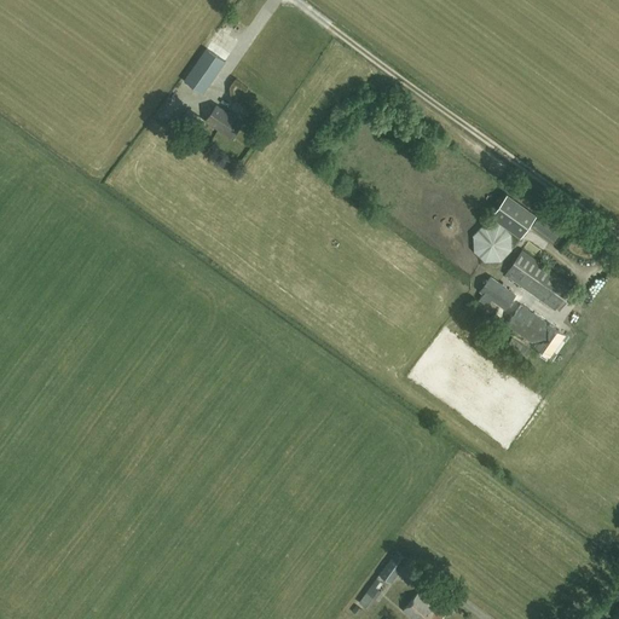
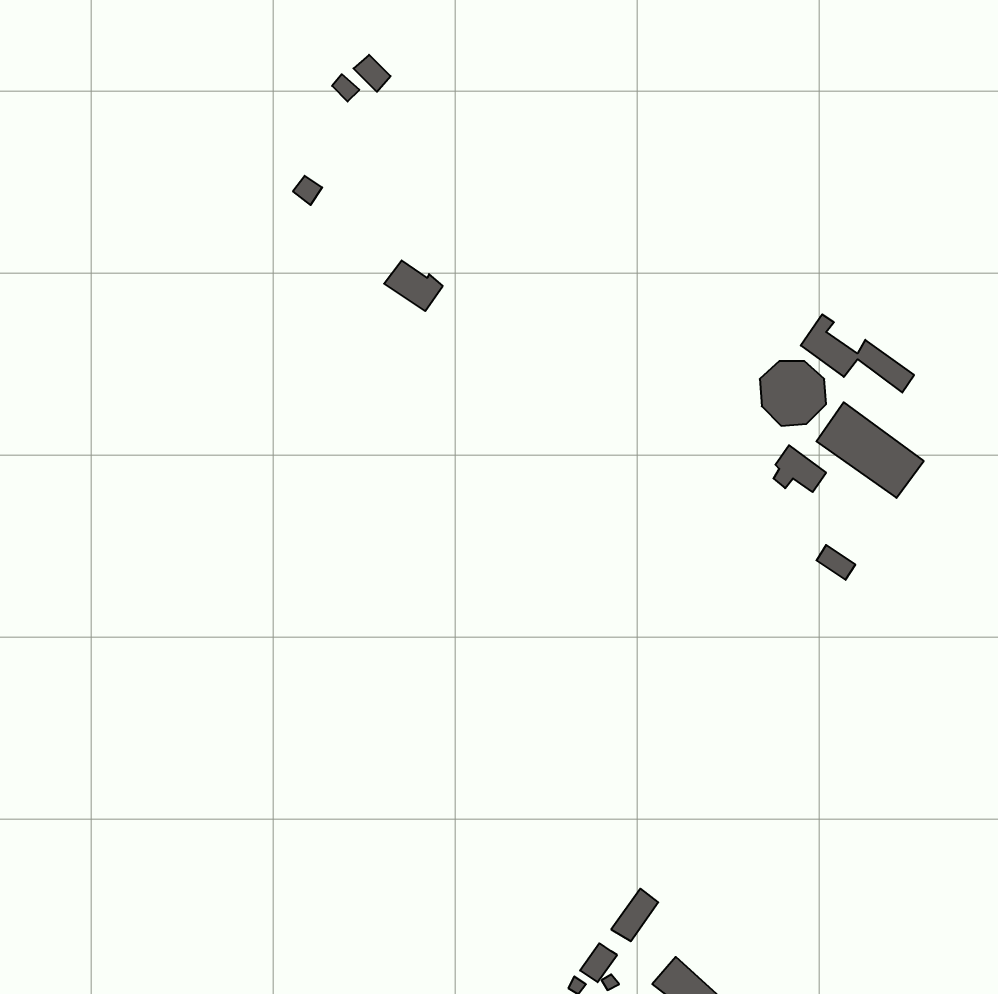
building: [184,60,218,96] -> none
building: [206,108,242,139] -> [384,260,443,311]
building: [508,307,565,358] -> none

